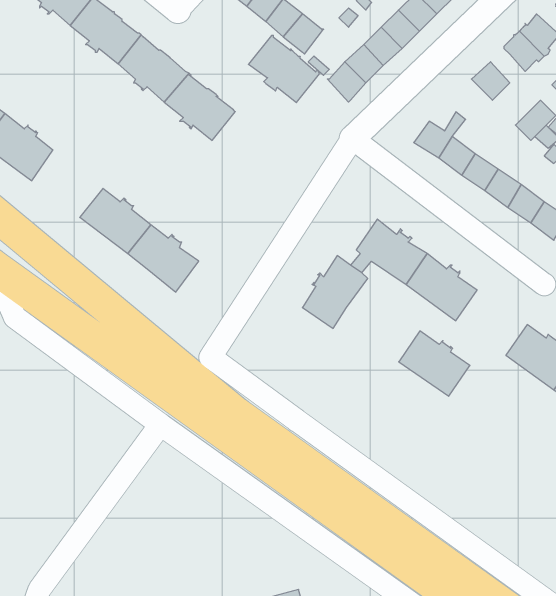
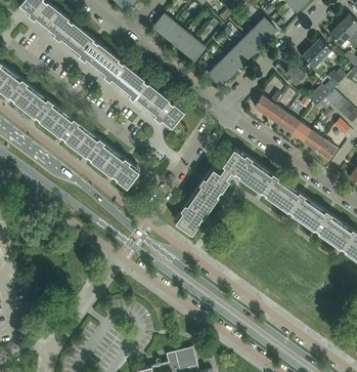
building: [248,35,319,103] -> [145,91,183,127]
building: none -> [49,112,87,148]
building: none -> [175,196,210,234]
building: [399,331,470,396] -> [275,187,313,221]

